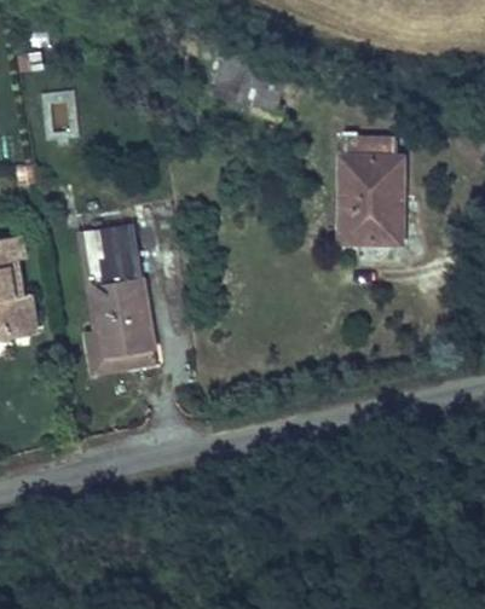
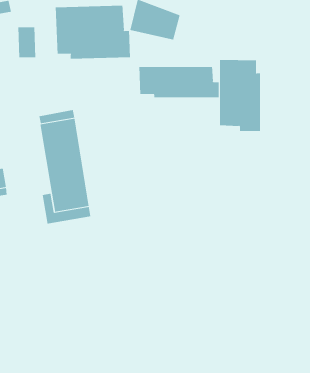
building: none -> [55,5,130,60]
building: none -> [139,66,219,98]

